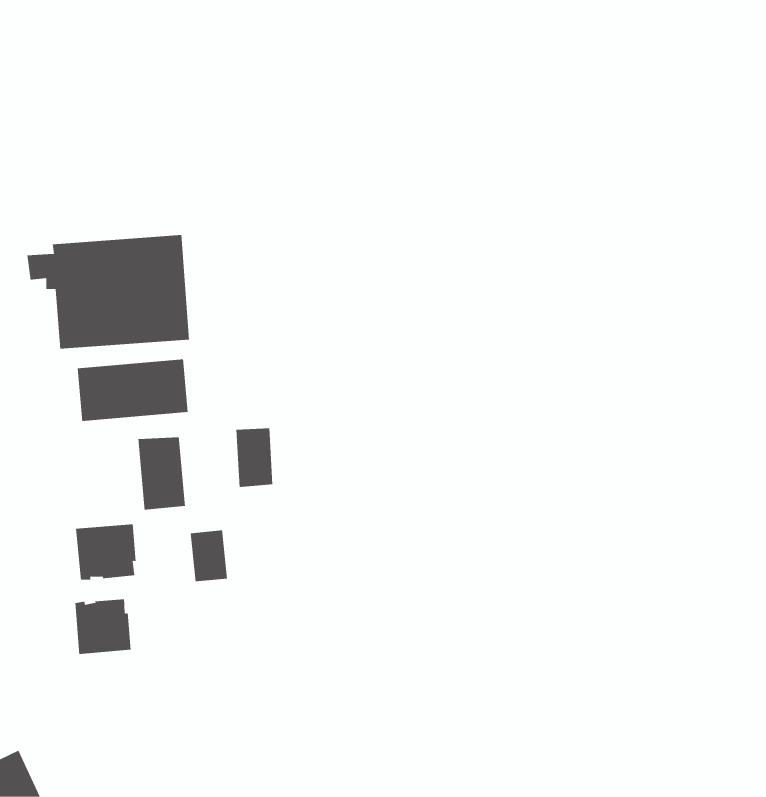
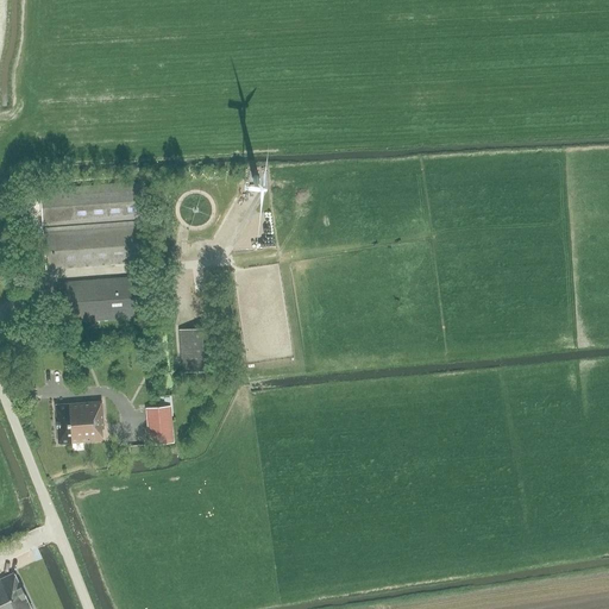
building: [138,437,185,510] -> none
building: [75,599,131,655] -> none

